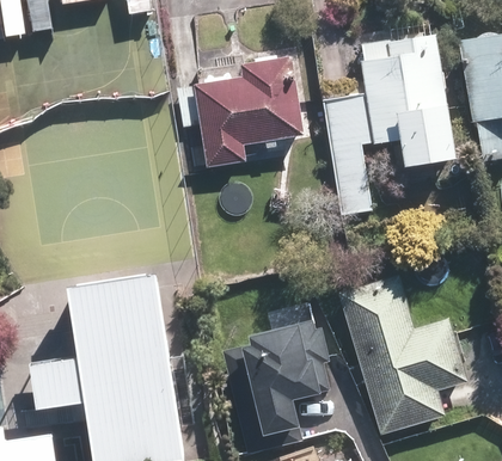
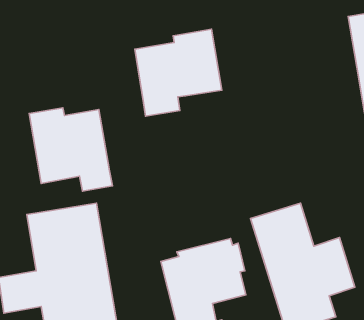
building: [324,32,459,214] -> none
building: none -> [29,108,113,191]

